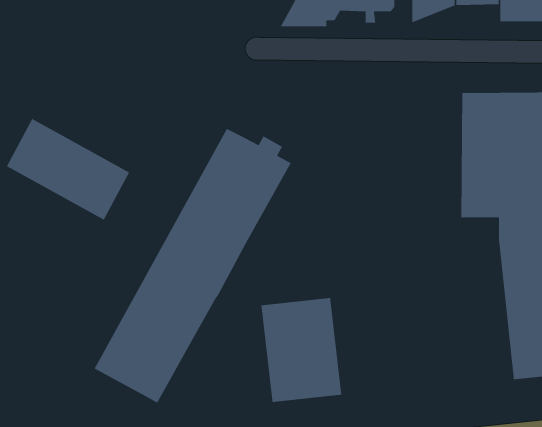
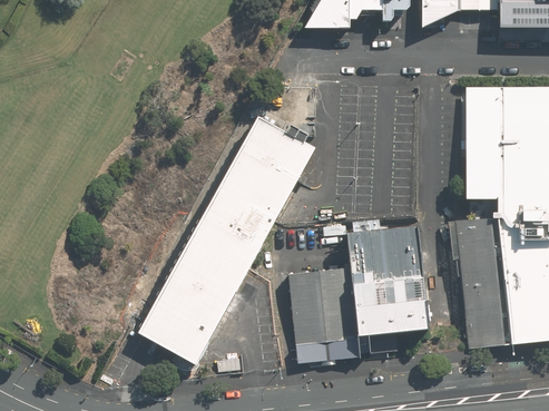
building: [6,118,130,221] -> none
building: none -> [457,218,512,348]
building: none -> [347,227,428,356]

